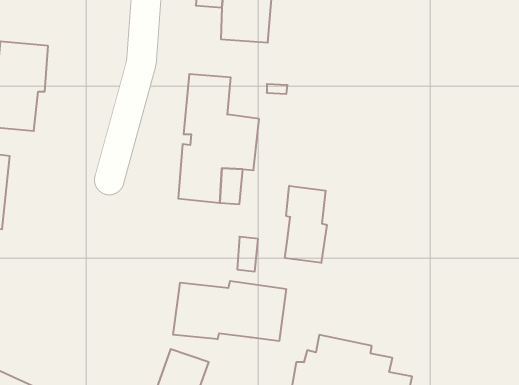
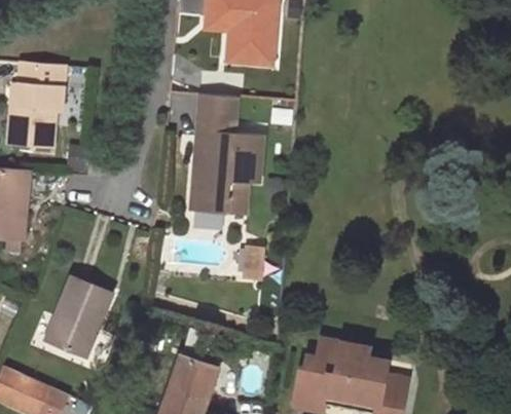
building: [285,186,327,263] -> none
building: none -> [46,277,110,356]
building: [173,281,286,341] -> none

